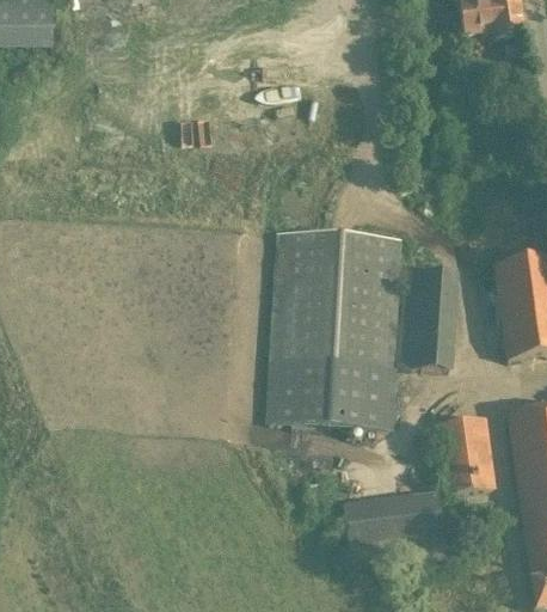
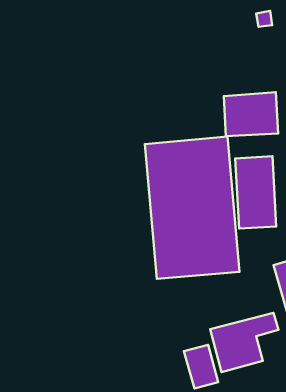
building: none -> [224,92,278,136]
building: none -> [184,345,218,388]

